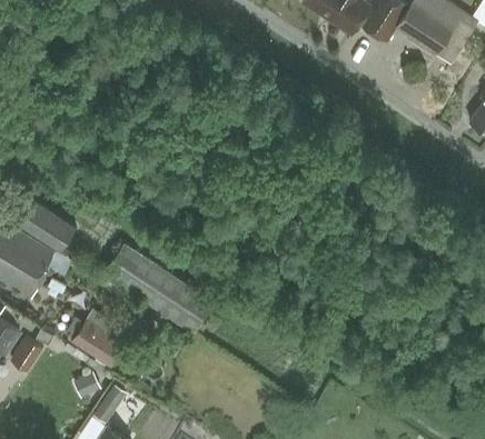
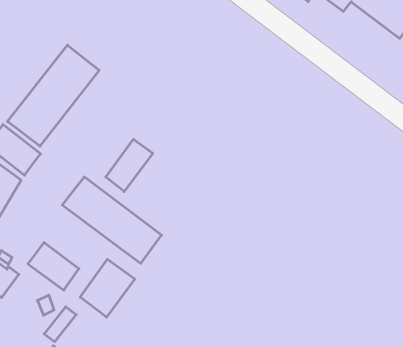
building: none -> [7,45,99,146]
building: none -> [106,139,153,192]
building: none -> [80,259,135,317]

